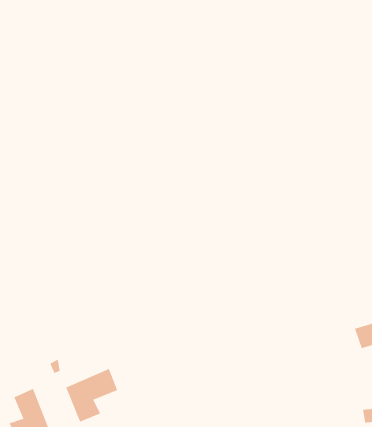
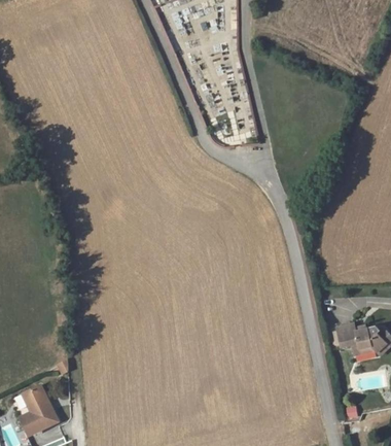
building: [65,368,118,422] -> none

